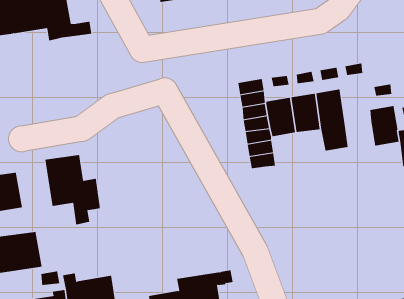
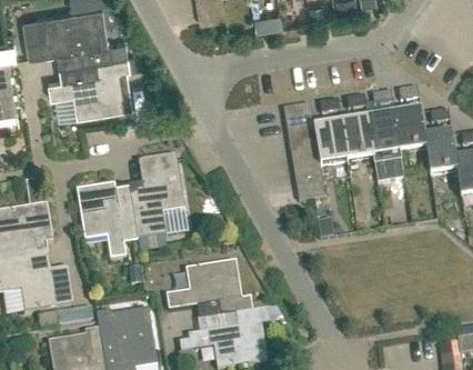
building: none -> [49,58,130,121]
building: none -> [394,113,426,156]
building: none -> [131,157,185,242]
building: none -> [168,263,265,319]

